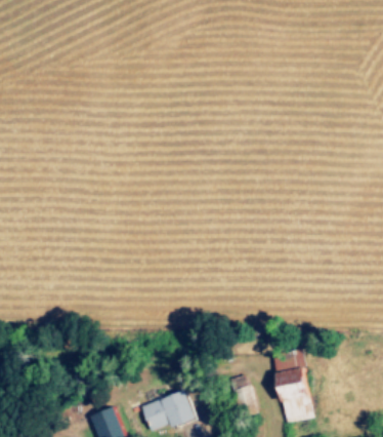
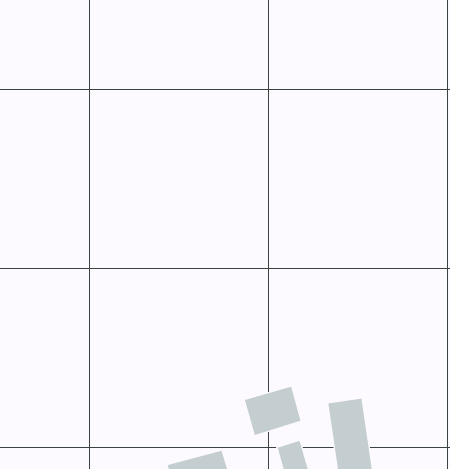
building: none -> [244,386,301,436]

